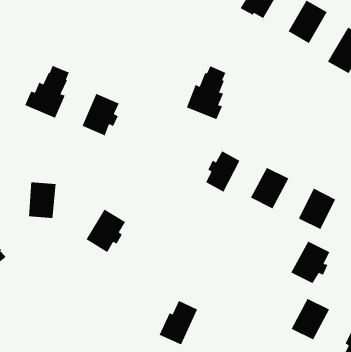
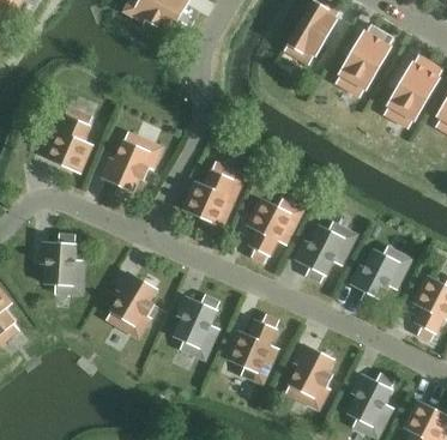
building: [186,65,226,120] -> [186,162,232,225]
building: none -> [173,299,216,348]
building: [290,240,331,284] -> [286,346,333,397]
building: [159,300,198,346] -> [230,319,276,372]

